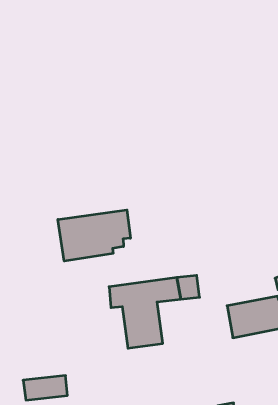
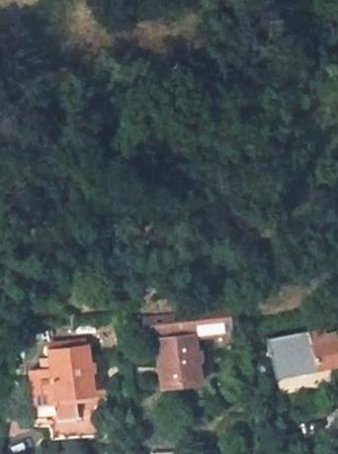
building: [58,210,130,261] -> none
building: none -> [31,347,103,405]

